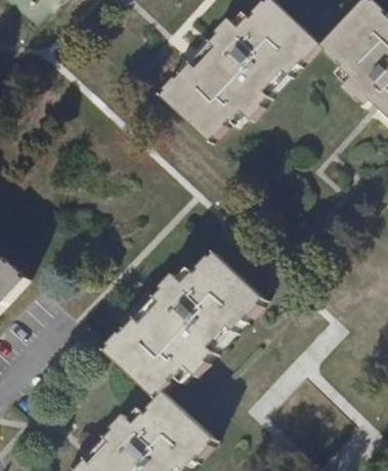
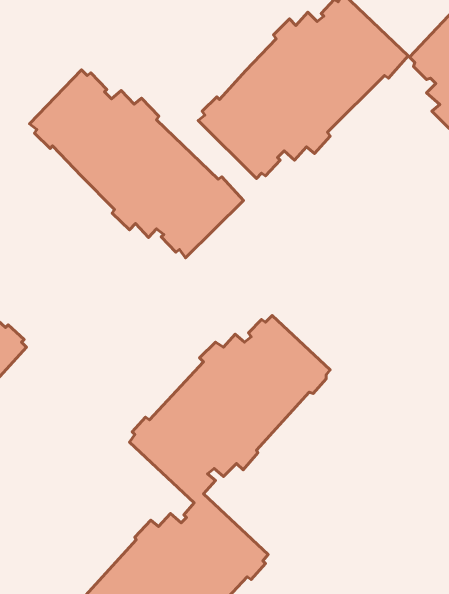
building: none -> [30,70,244,258]

